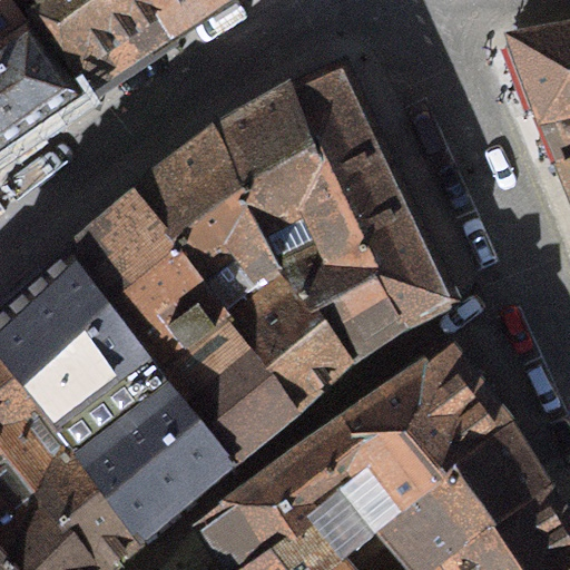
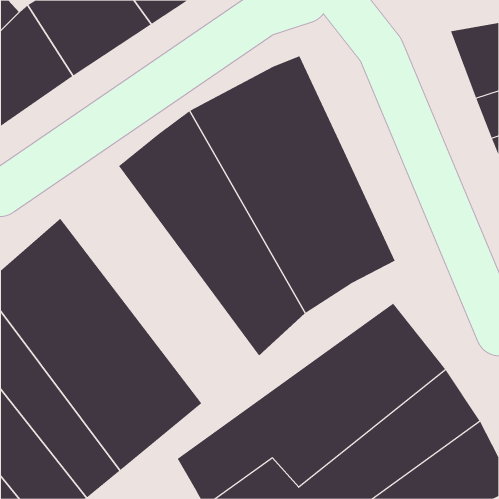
building: [69,189,295,460] -> none

